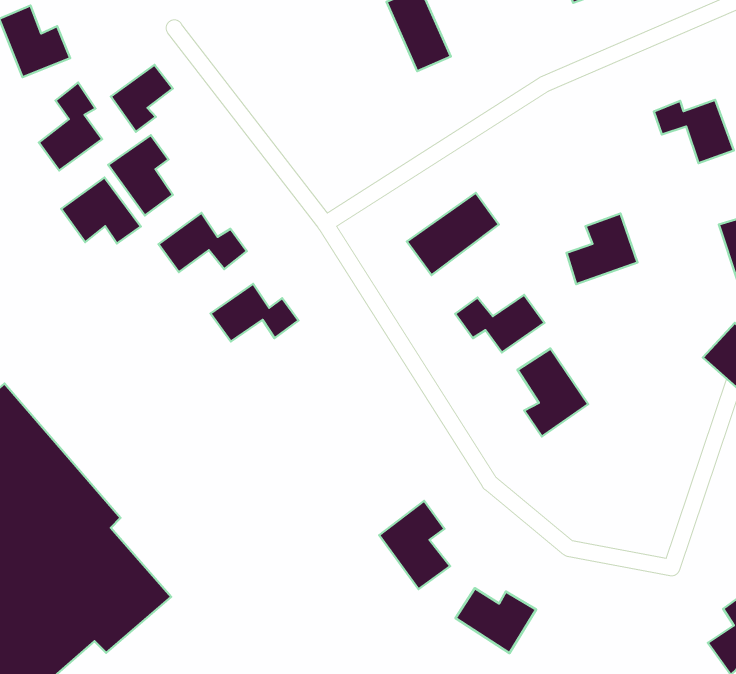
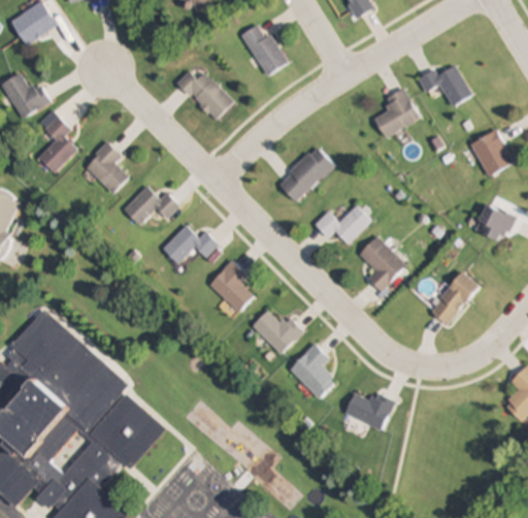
building: none -> [176,71,233,121]
building: [111,65,173,132] -> none
building: [61,177,141,244] -> none
building: [566,213,638,284] -> [374,88,420,136]
building: none -> [209,260,254,312]
building: none -> [429,271,480,325]
building: none -> [252,311,303,354]

